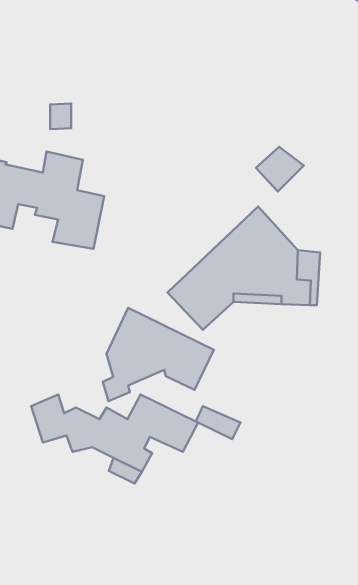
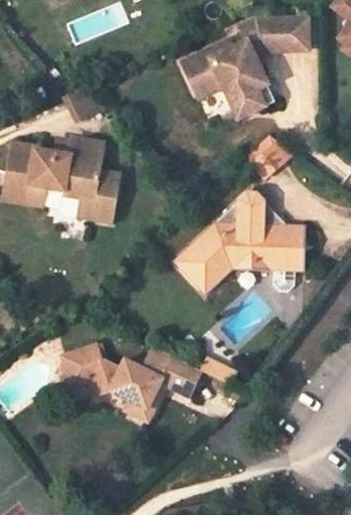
building: none -> [184,16,307,118]
building: [103,308,214,401] -> none

